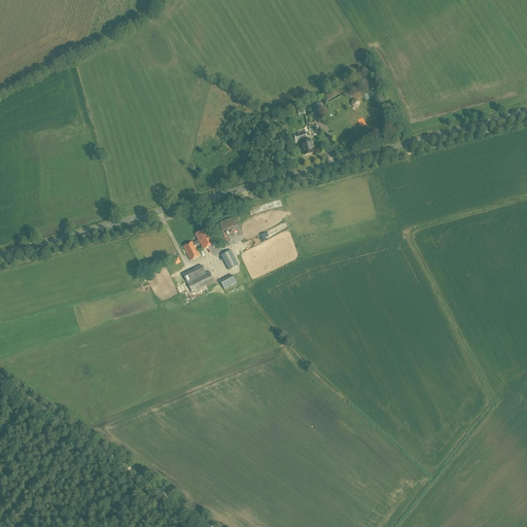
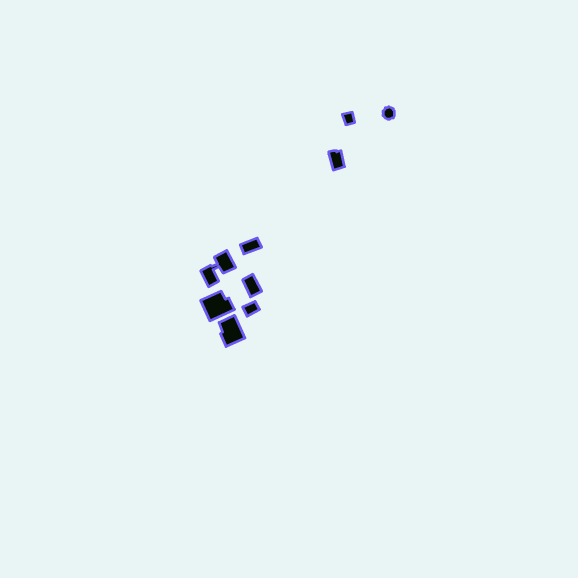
building: none -> [219,315,245,347]

